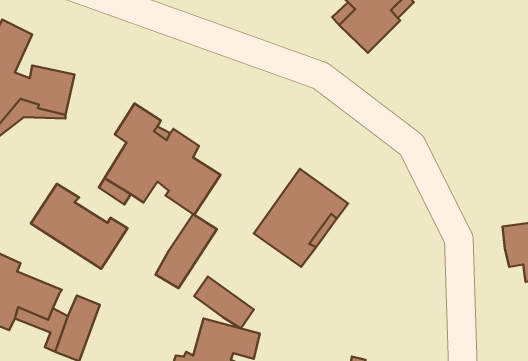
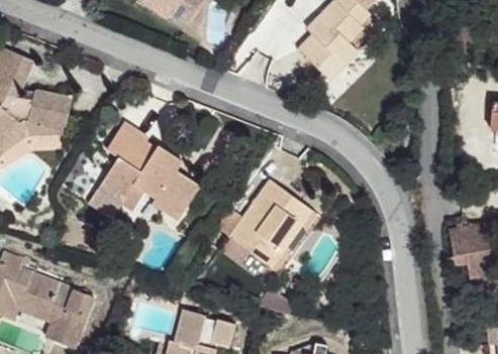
building: [31,184,128,269] -> none
building: [156,214,217,288] -> none
building: [194,277,254,329] -> none

